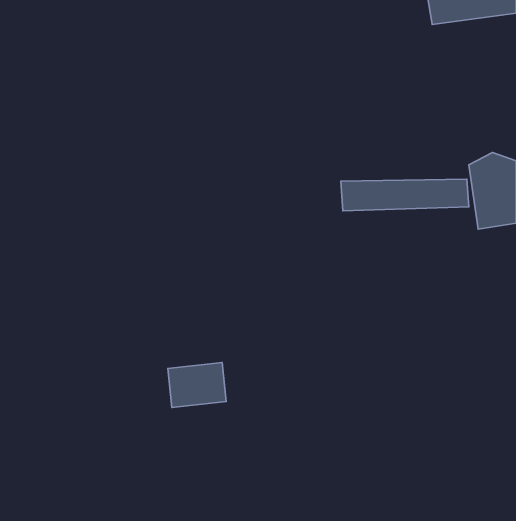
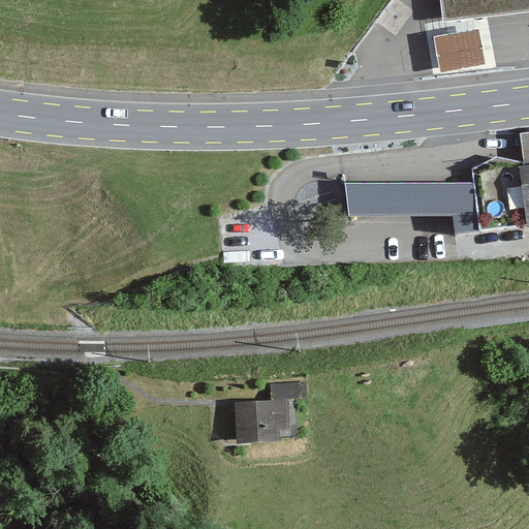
building: none -> [434,26,485,72]
building: [168,362,226,408] -> [238,398,297,443]

